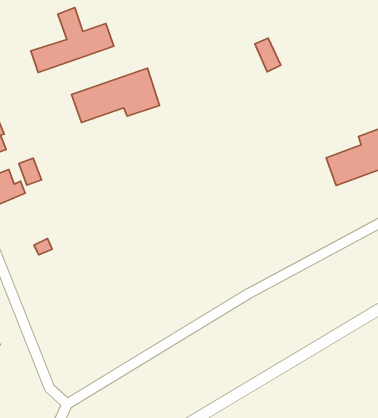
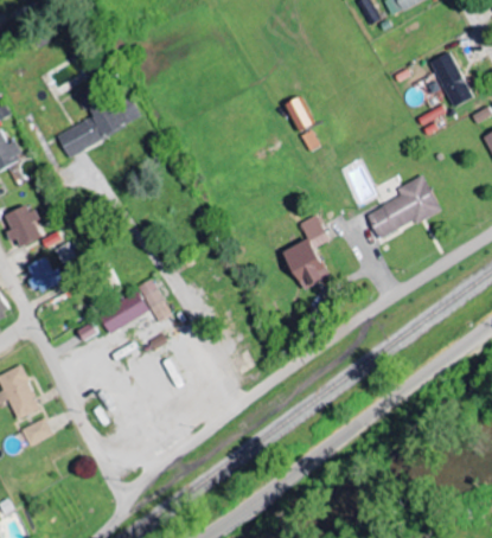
building: [71,68,160,123] -> none
building: none -> [285,214,331,289]
building: none -> [98,281,172,334]

